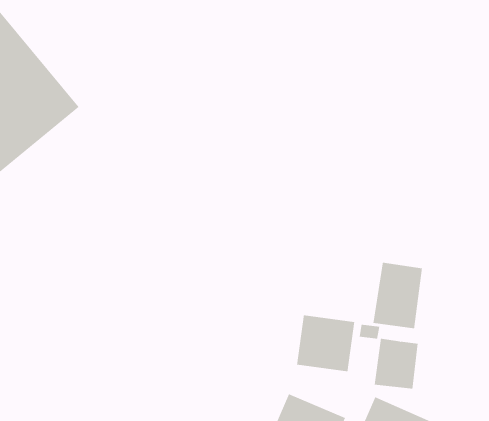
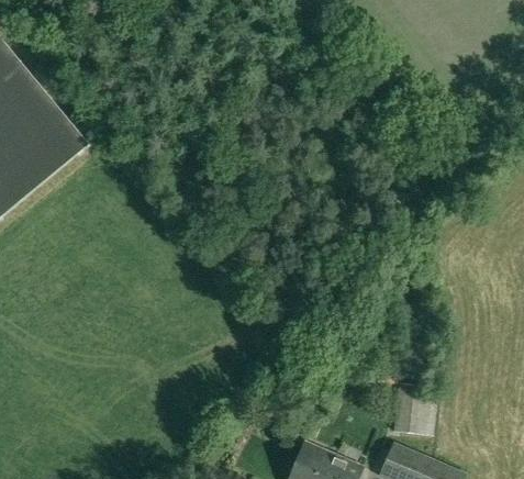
building: [373,262,423,329] -> none
building: [297,314,355,372] -> none

